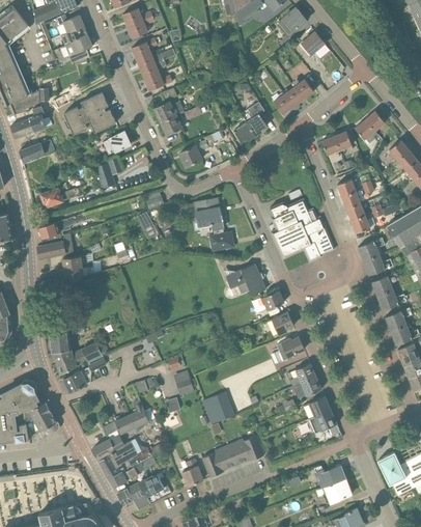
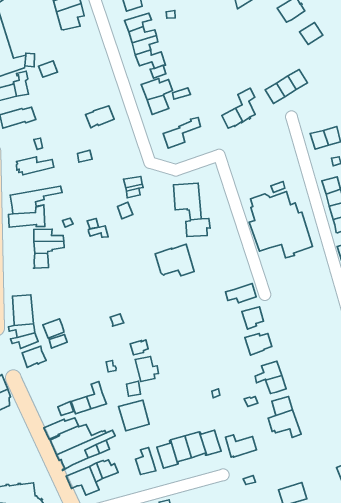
building: [64,92,116,135] -> none
building: [226,263,265,296] -> [155,244,194,276]
building: [202,392,233,423] -> [119,400,149,431]
building: [314,466,345,488] -> [226,435,257,457]

